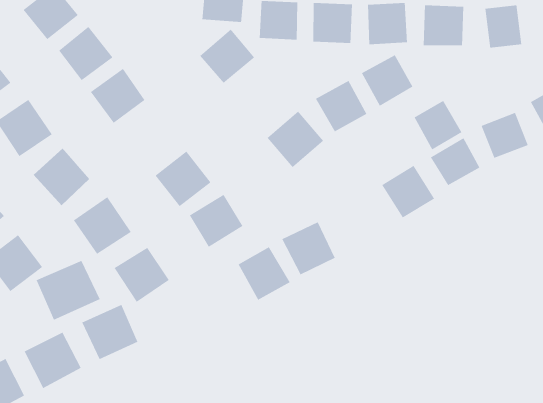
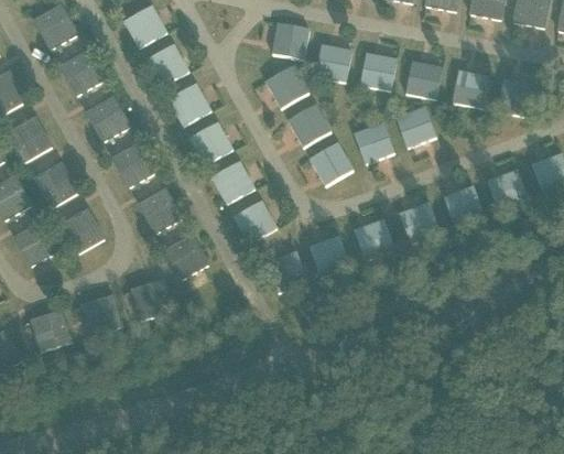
building: none -> [286,104,332,149]
building: [413,100,463,150] -> none
building: none -> [189,121,235,165]
building: none -> [355,220,393,258]
building: [36,260,101,321] -> none

